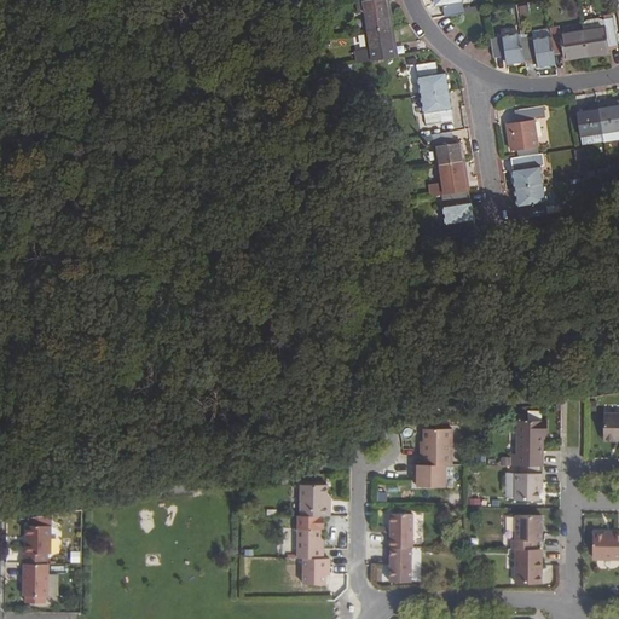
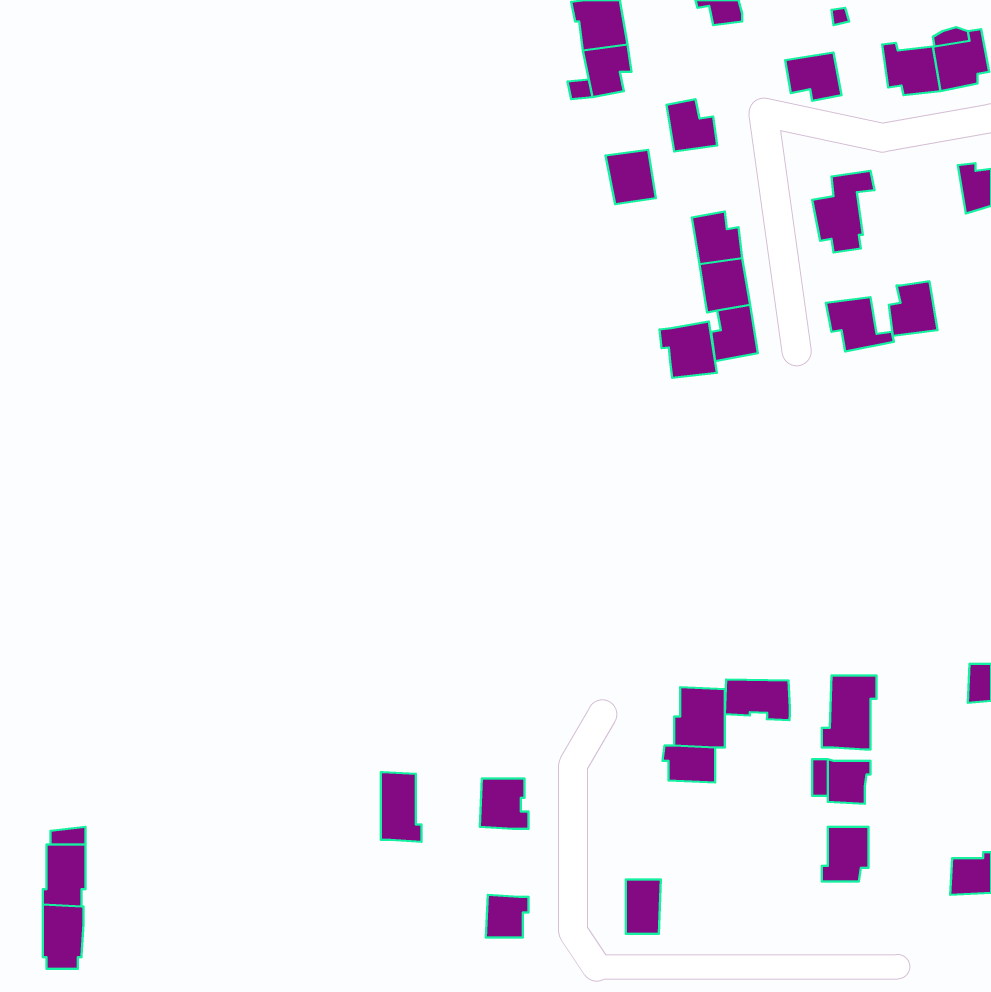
building: [521,36,554,65] -> none
building: [420,91,451,125] -> [605,150,656,204]
building: [574,103,601,135] -> none
building: [511,155,542,189] -> [889,281,937,336]
building: none -> [659,322,717,378]
building: none -> [725,680,790,720]
building: [389,514,412,548] -> none
building: [297,515,323,559] -> [381,772,422,842]
building: [515,549,540,584] -> none

